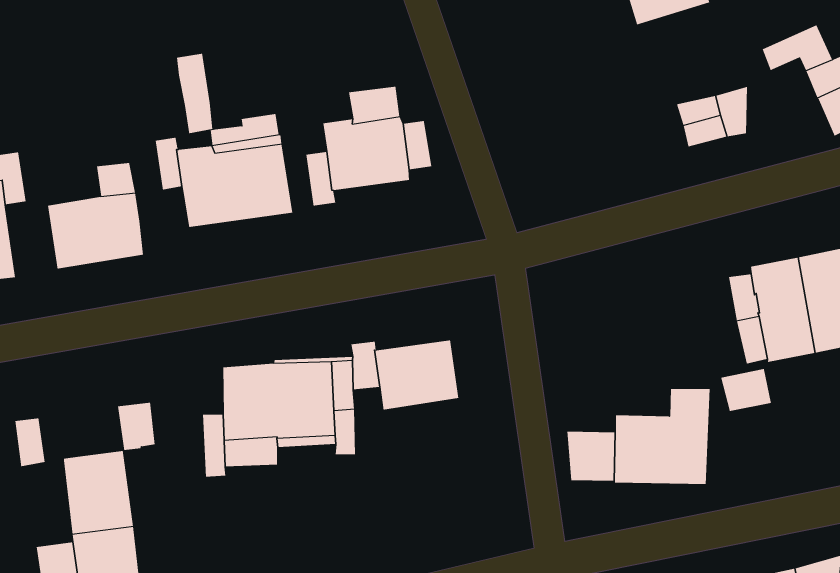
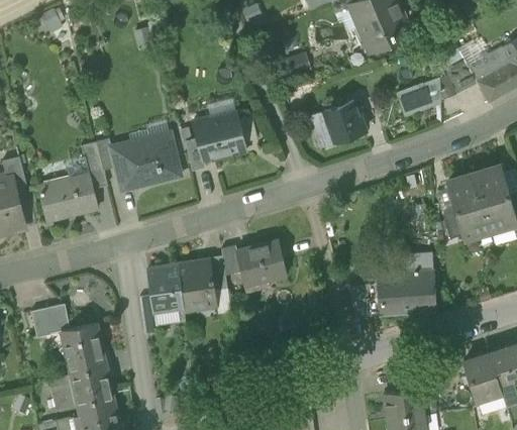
building: [176,53,213,134] -> [82,142,107,190]
building: none -> [445,60,478,94]
building: none -> [323,101,365,142]
building: [721,368,771,412] -> none
building: [117,402,156,450] -> [45,305,70,334]

